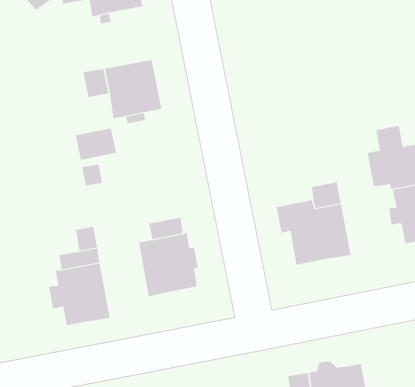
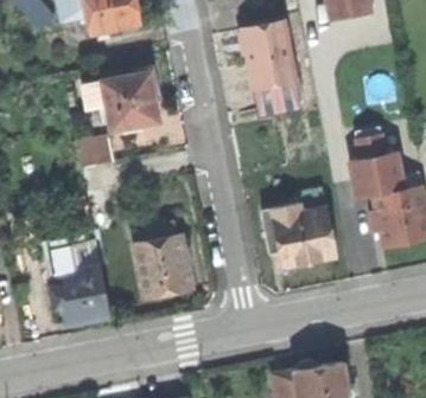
building: none -> [246,26,301,115]

